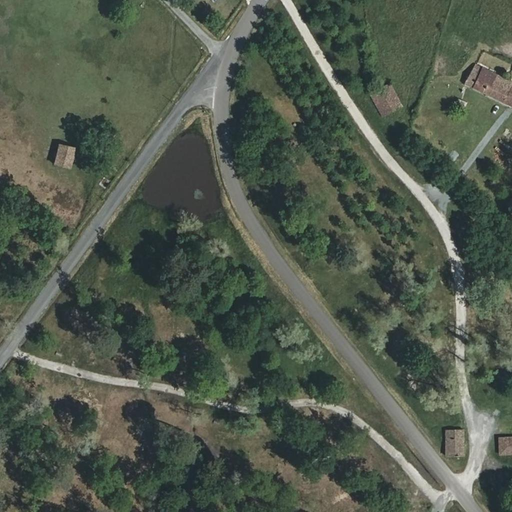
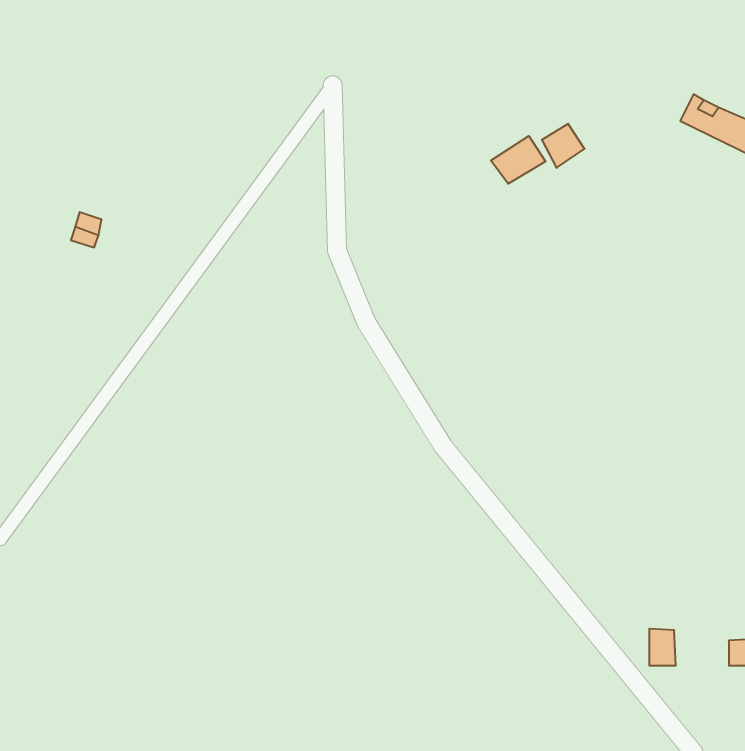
building: none -> [491,136,545,184]

